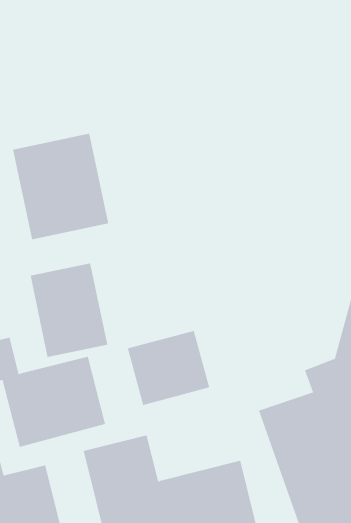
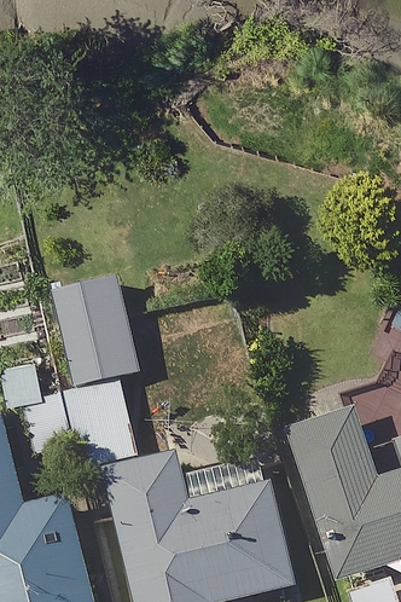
building: [13,133,109,240] -> none
building: [127,330,210,406] -> none

